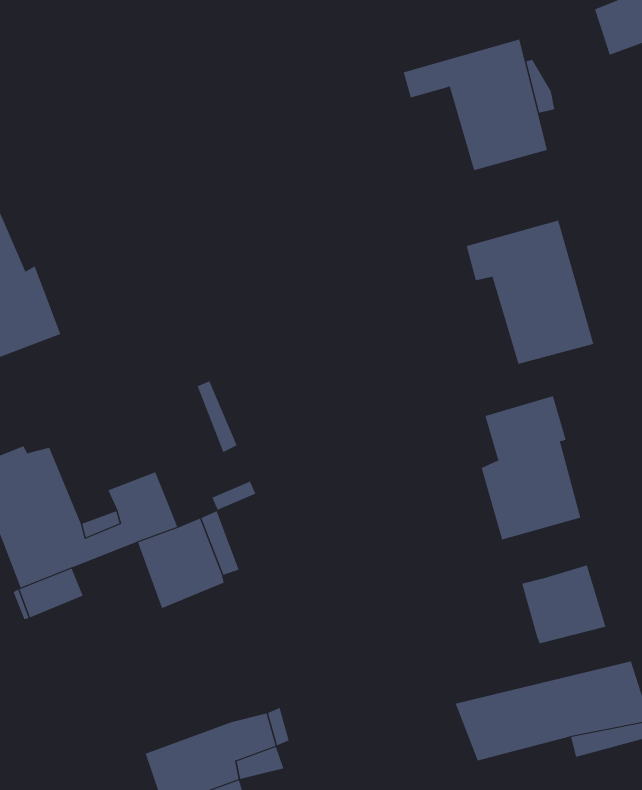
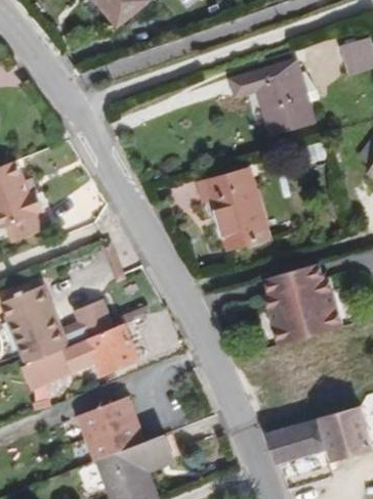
building: [466,220,594,365] -> [202,170,273,249]
building: [522,565,606,644] -> none
building: none -> [79,395,140,457]

